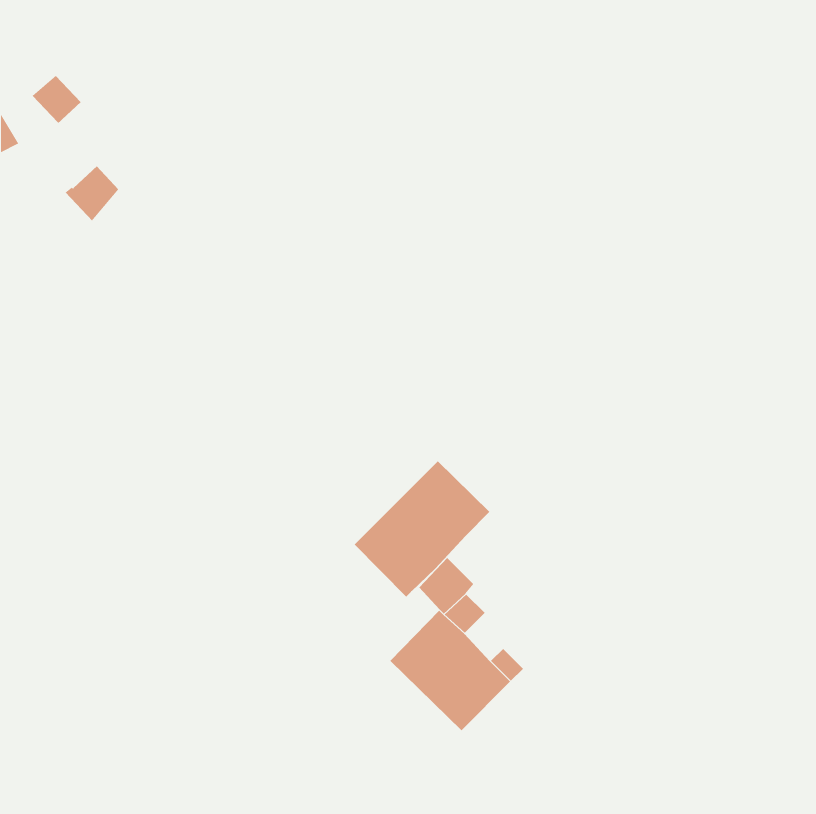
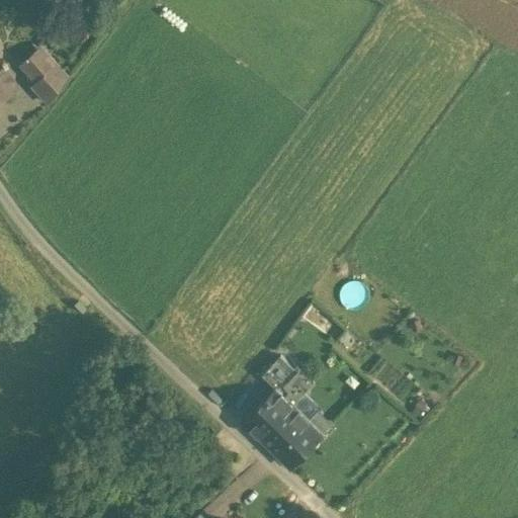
building: [65,166,119,221] -> [31,66,66,101]
building: [354,461,490,598] -> none

